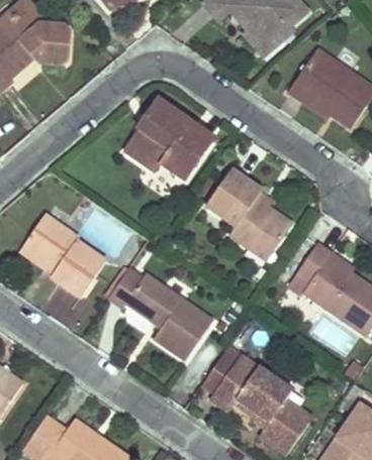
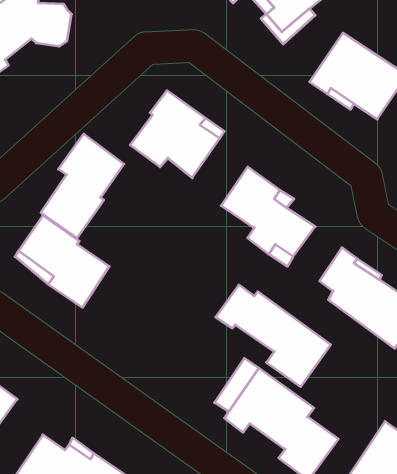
building: none -> [41,134,124,238]
building: [107,267,212,360] -> [216,285,331,387]

